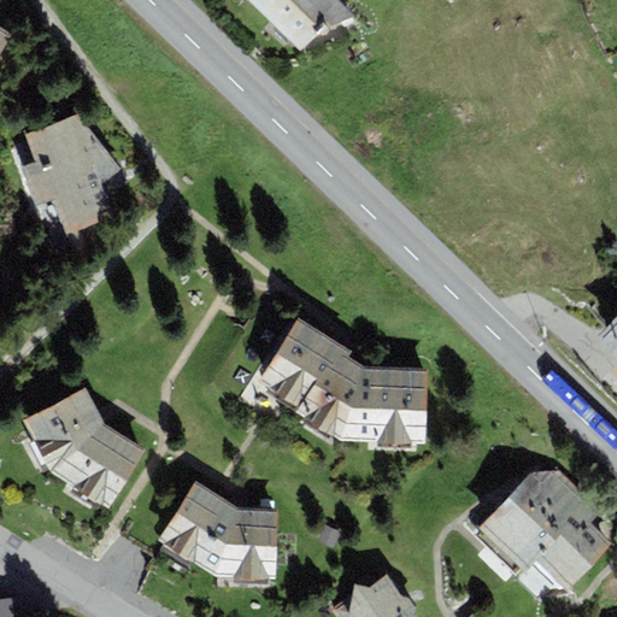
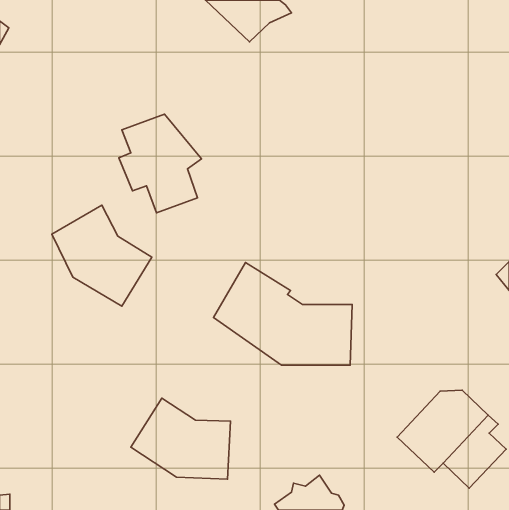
building: [20,114,121,234] -> [119,114,202,213]
building: [24,386,145,507] -> [52,205,152,306]

